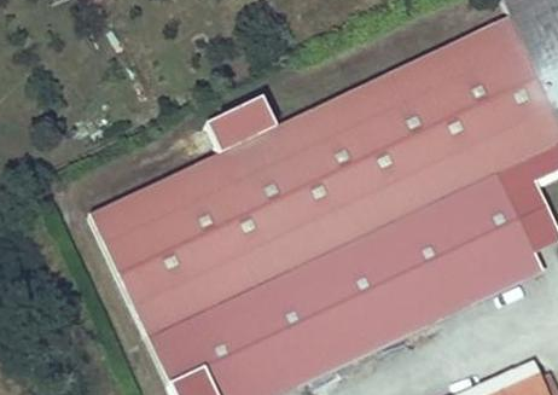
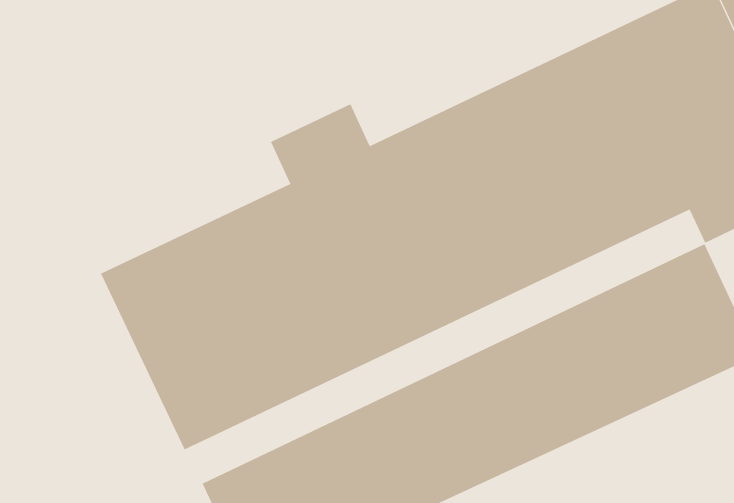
building: [146,172,505,360] -> none

